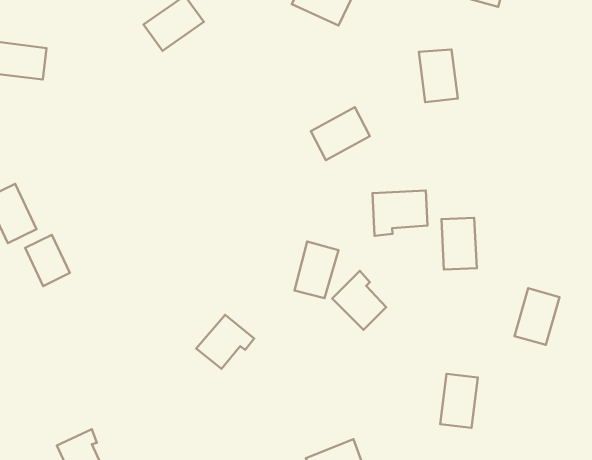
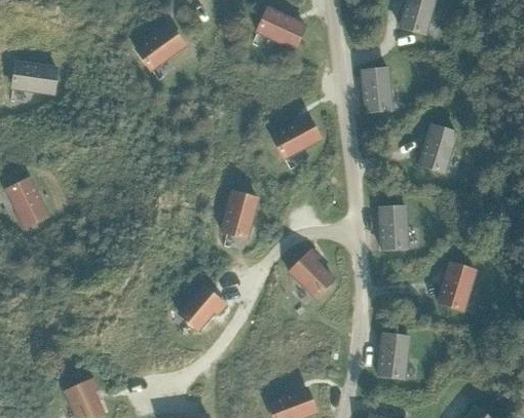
building: none -> [419,125,456,173]
building: [372,191,428,236] -> none
building: [25,235,70,286] -> none
building: [294,241,338,298] -> [222,191,258,237]

